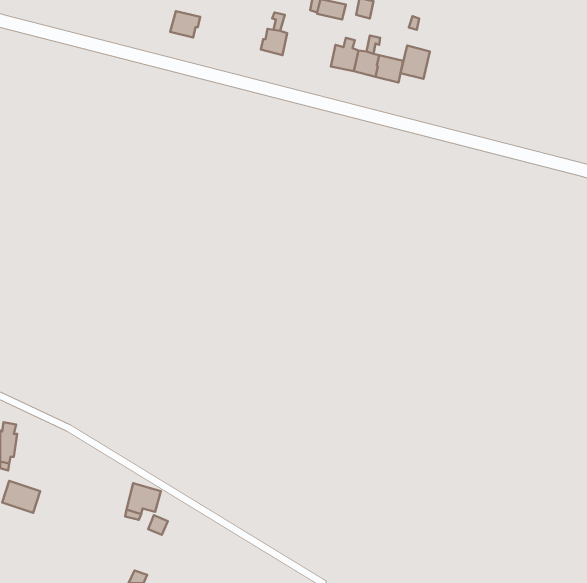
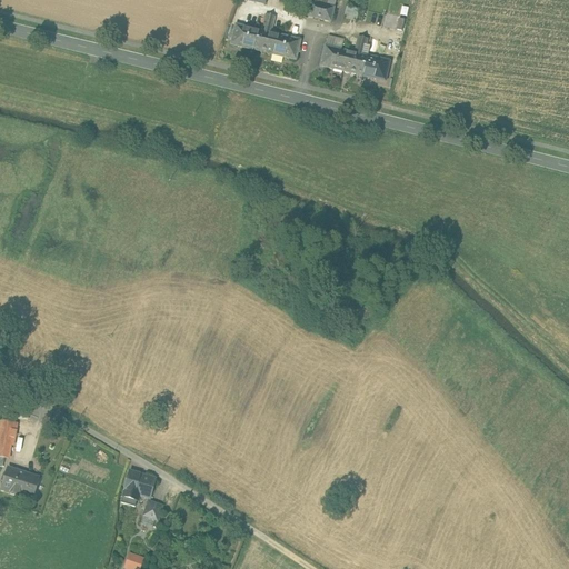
building: [170,11,200,37] -> [230,22,259,48]
building: none -> [273,32,301,58]
building: [401,46,430,79] -> none

